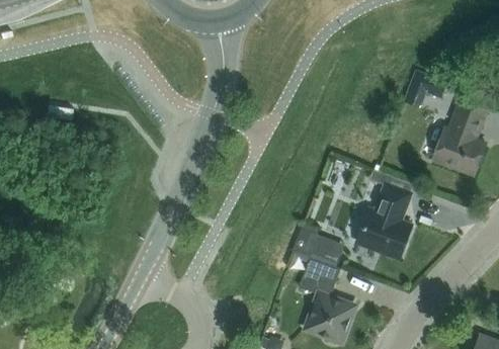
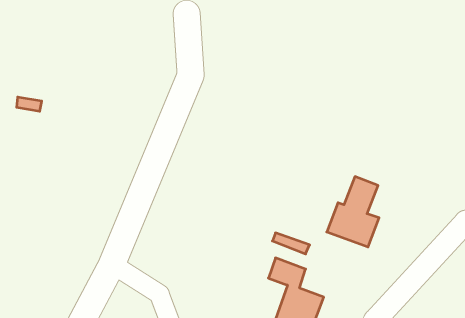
building: [409,69,446,97] -> none
building: [433,101,485,174] -> none

